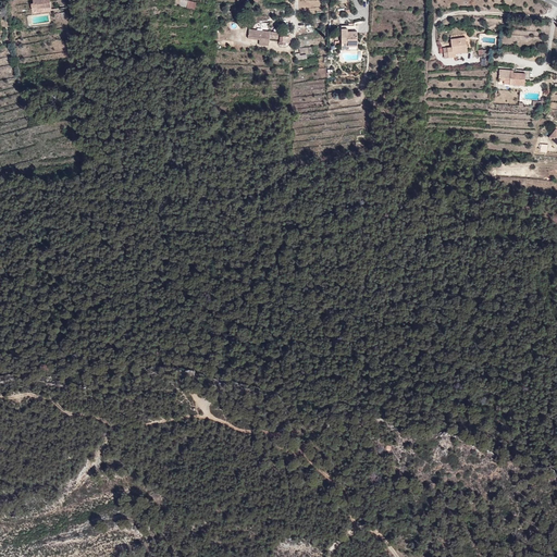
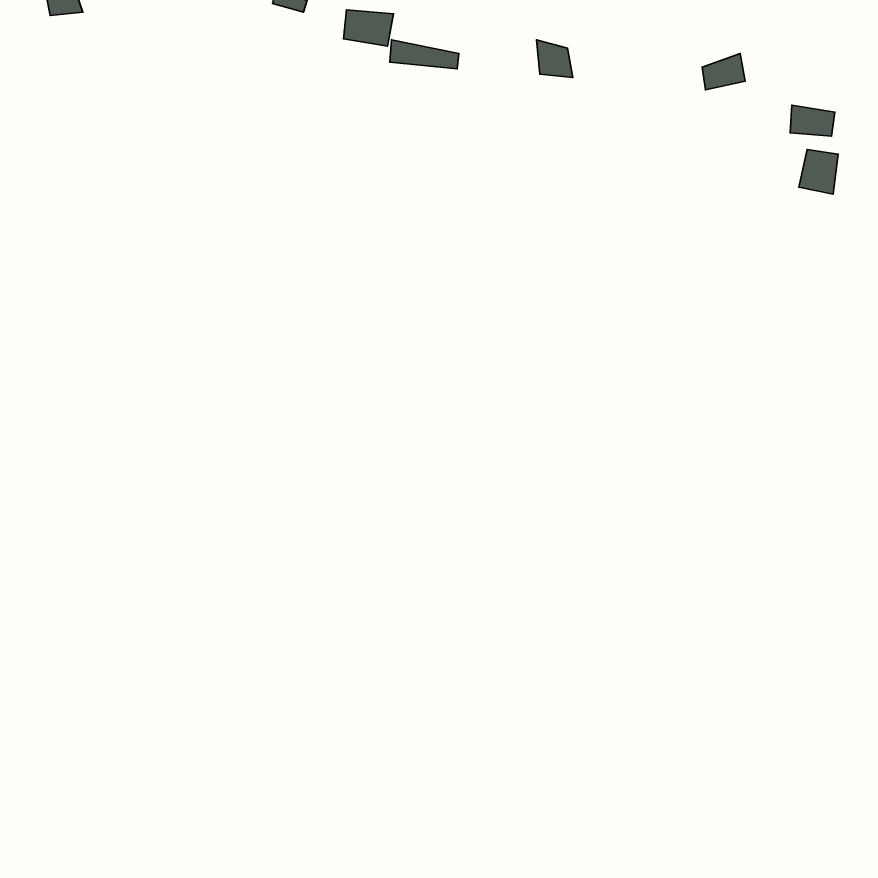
building: none -> [344,10,393,46]
building: none -> [799,150,838,194]

